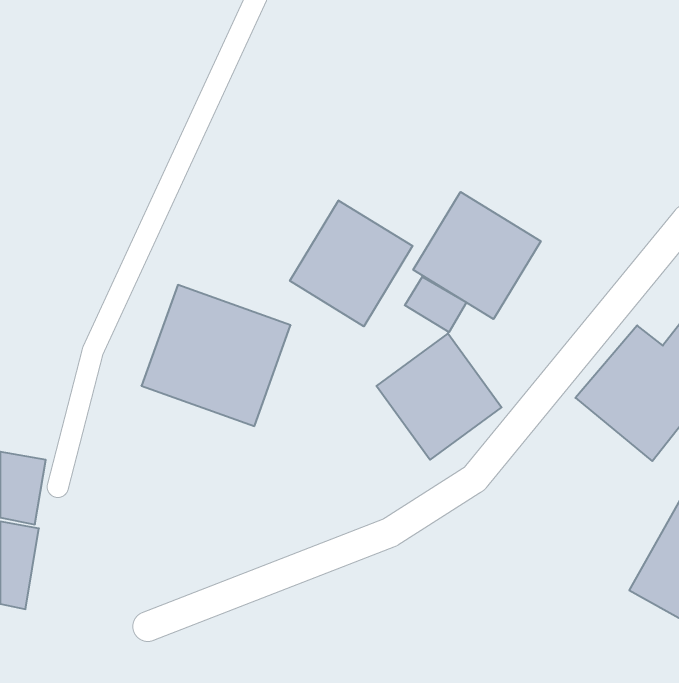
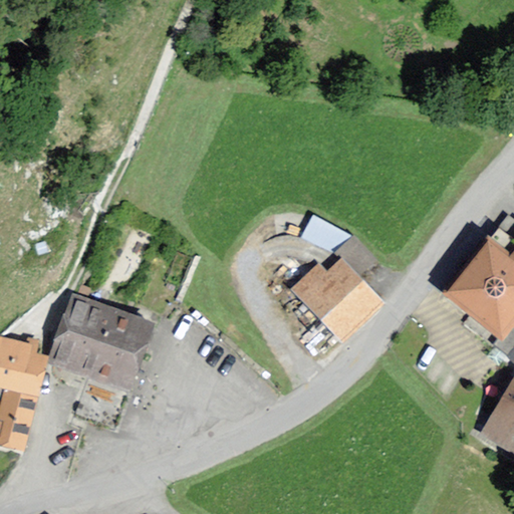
building: [413,192,541,319] -> none
building: [290,200,413,326] -> none
building: [141,285,291,426] -> [46,288,158,394]

